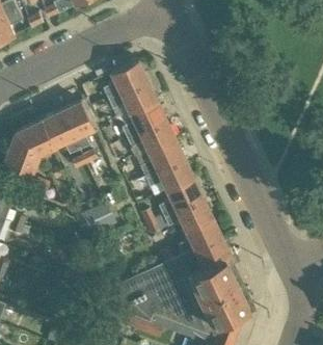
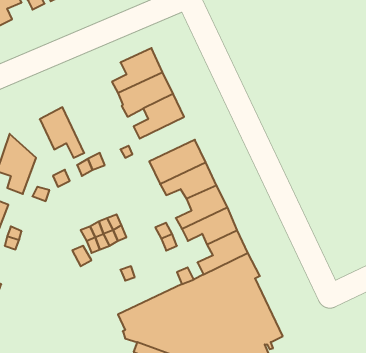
building: [60,102,93,151] -> none
building: [119,120,174,158] -> none
building: [15,122,53,155] -> none

